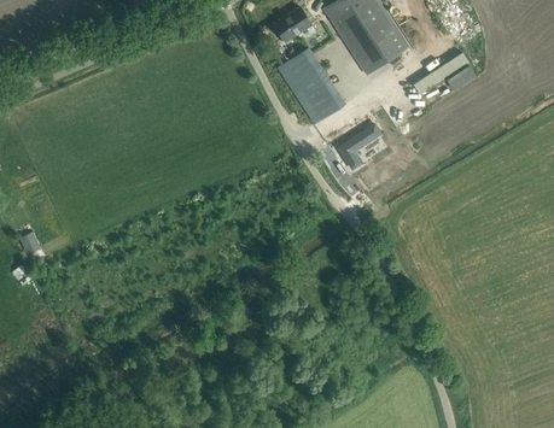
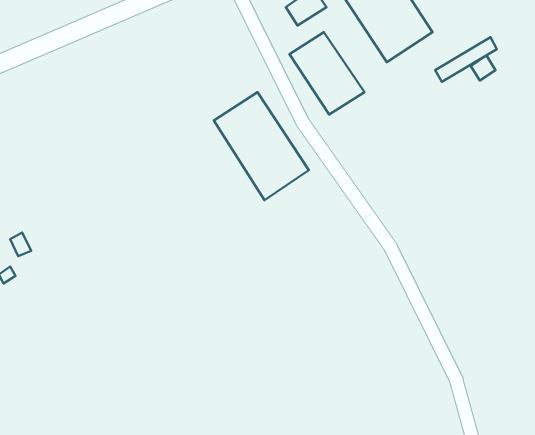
building: none -> [214,92,309,200]
building: [339,125,380,169] -> none

